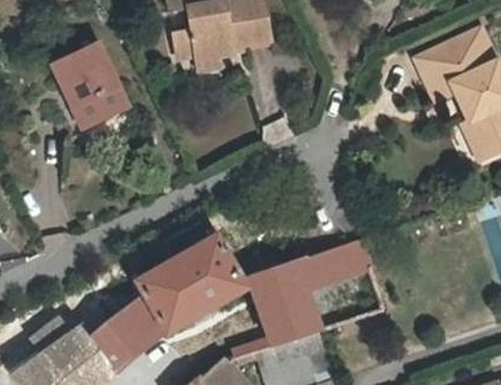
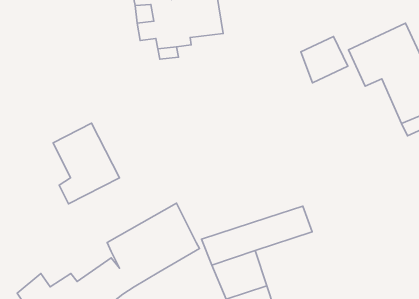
building: [54,40,130,133] -> [53,123,119,204]
building: none -> [301,37,348,83]

